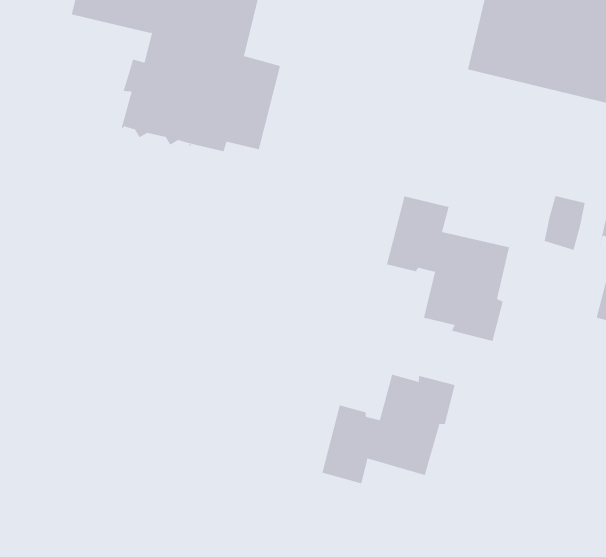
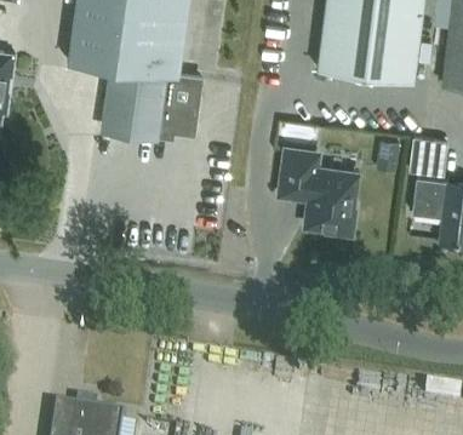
building: [322,374,455,484] -> none

